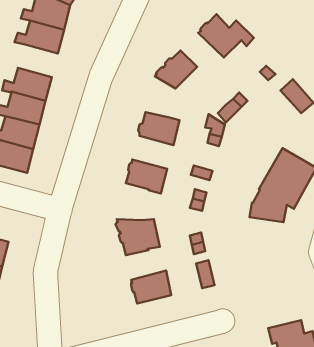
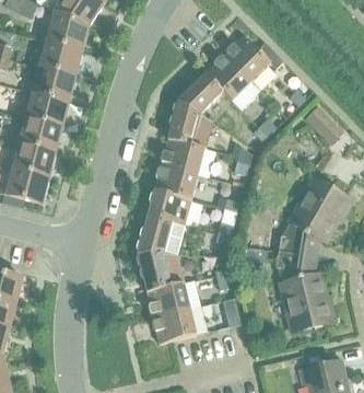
building: none -> [206,55,260,109]
building: none -> [23,67,75,102]
building: none -> [168,101,212,148]
building: none -> [154,164,198,199]
building: none -> [137,215,172,254]
building: none -> [275,251,332,332]
building: none -> [148,282,190,317]

